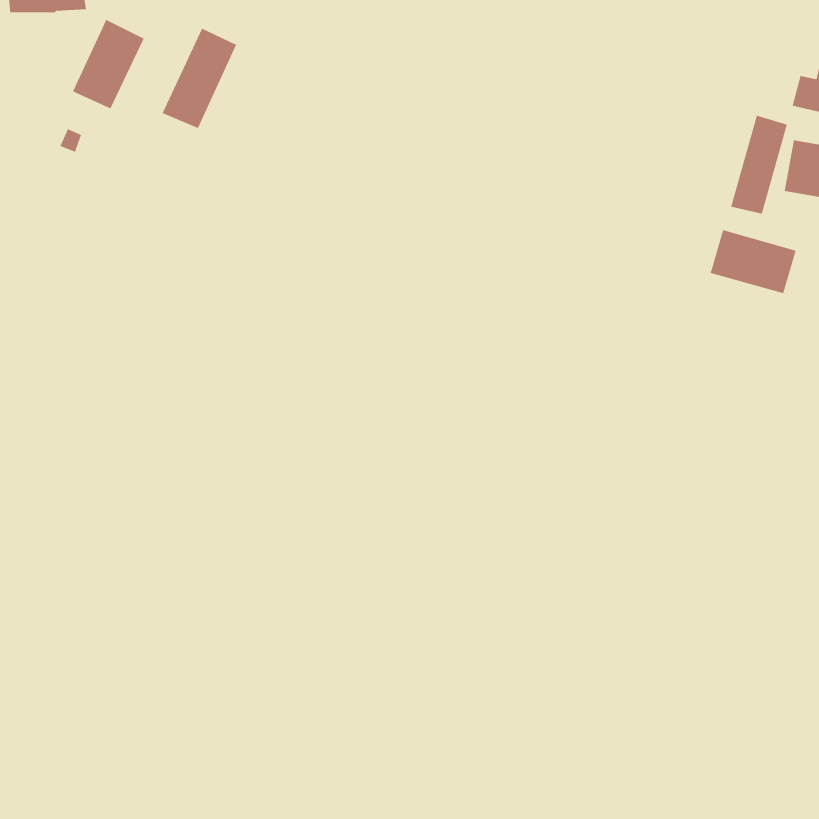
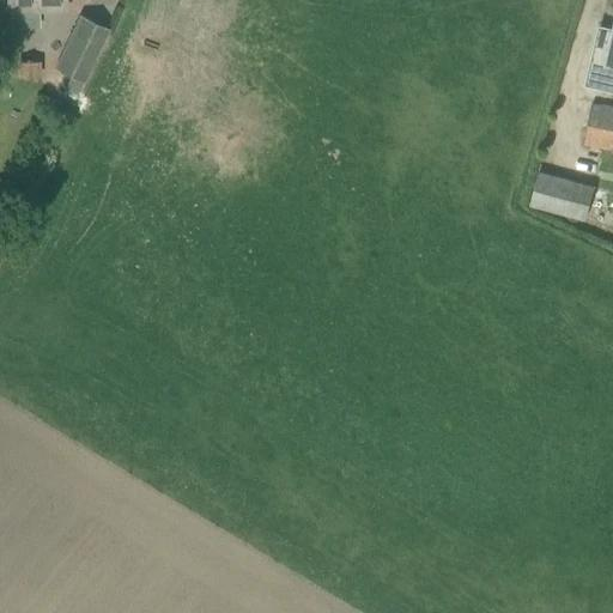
building: [162,28,237,129] -> none
building: [730,115,787,215] -> none

